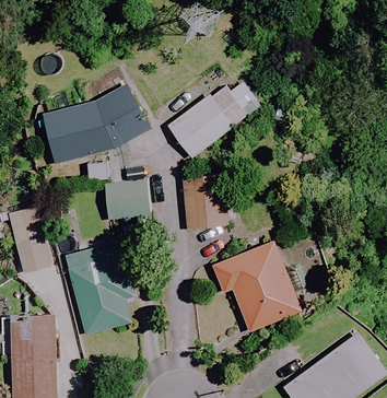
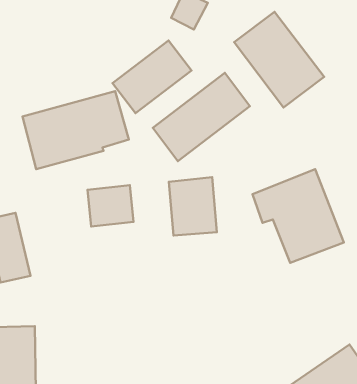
building: none -> [234,12,324,107]
building: none -> [113,41,191,113]
building: [213,242,301,331] -> [252,169,344,263]
building: [64,243,133,335] -> none

